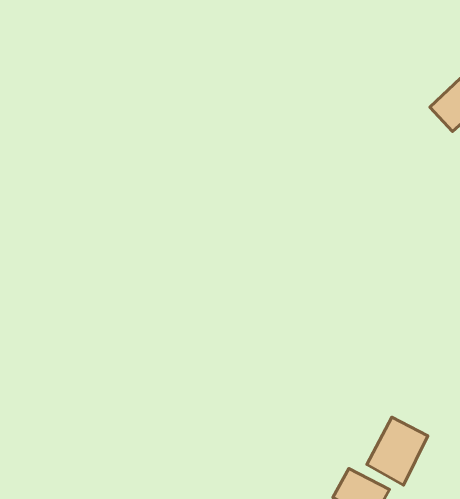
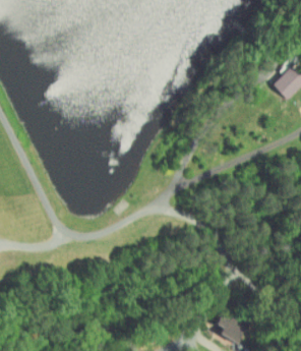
building: [367,417,428,485] -> none

